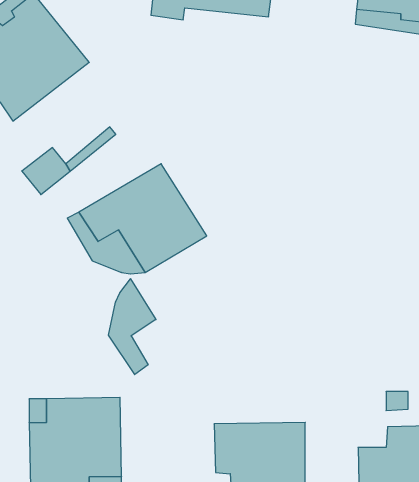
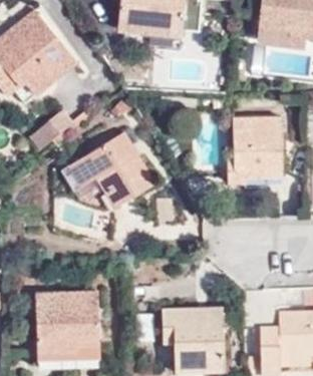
building: none -> [228,116,282,181]
building: [108,279,156,375] -> none

